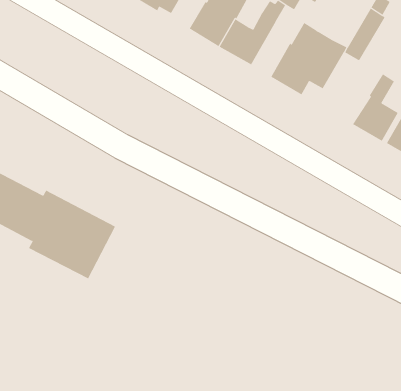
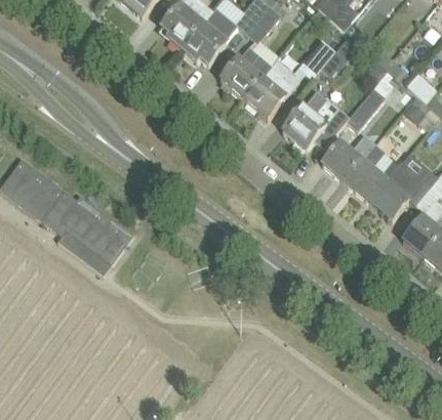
building: none -> [322,133,375,180]

